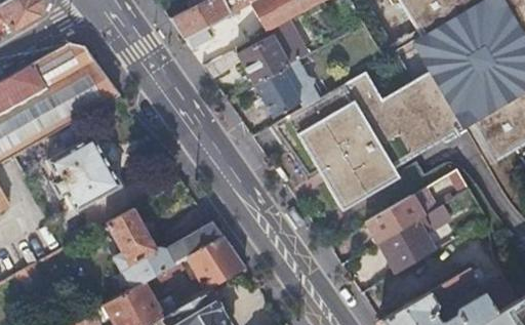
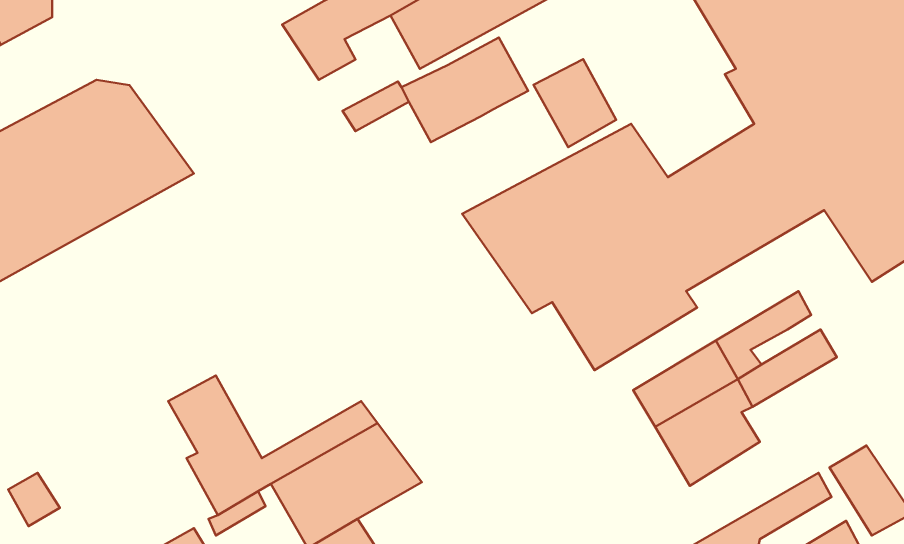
building: [254,66,300,115] -> [533,59,616,147]
building: [49,136,119,210] -> none

